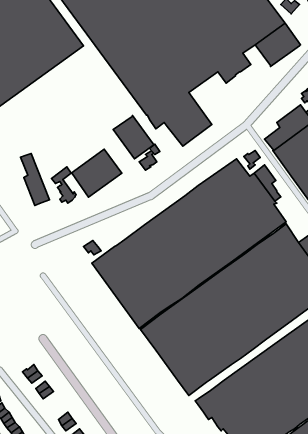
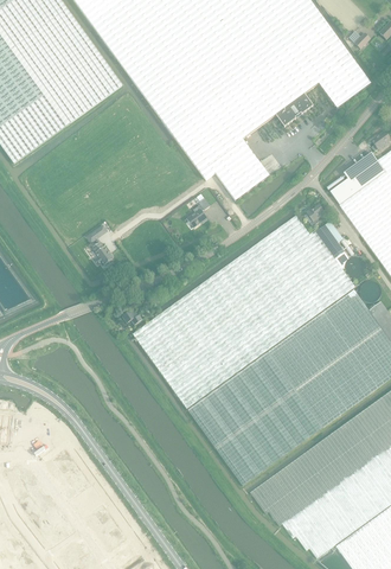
building: [113,115,154,159] -> none
building: [71,149,122,197] -> none
building: [20,154,50,206] -> none

